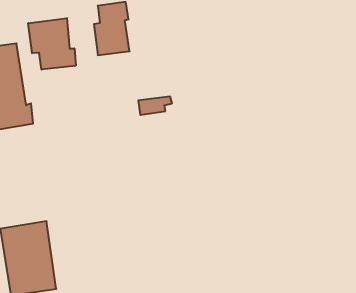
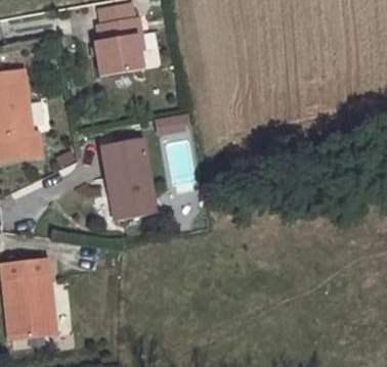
building: [28,18,76,70] -> none
building: none -> [104,152,148,217]

